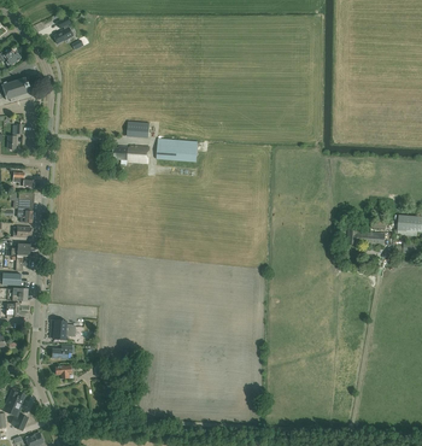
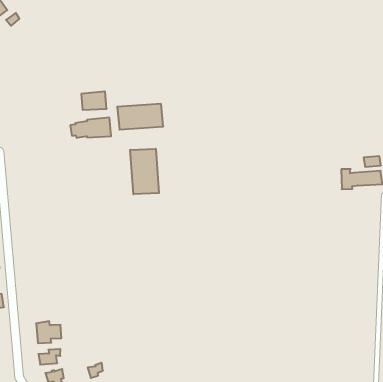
building: none -> [130,149,159,194]

